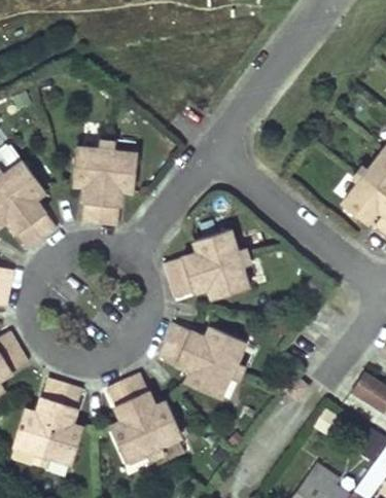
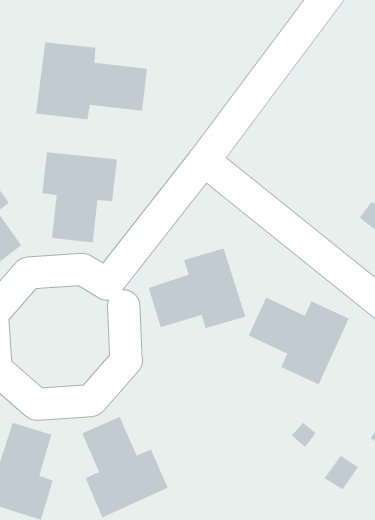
building: none -> [35,41,147,120]
building: [157,323,244,398] -> [248,297,349,385]

